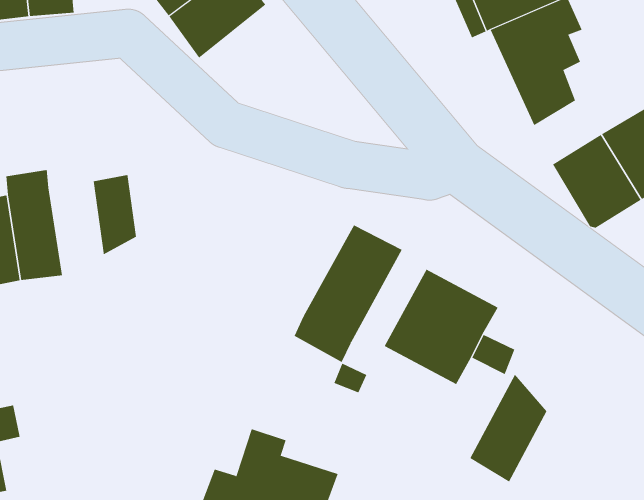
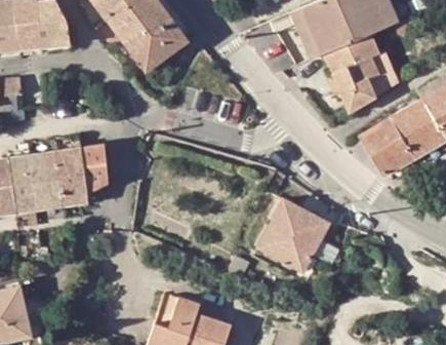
building: none -> [53,135,88,204]
building: [294,225,403,363] -> none
building: [470,374,547,483] -> none

